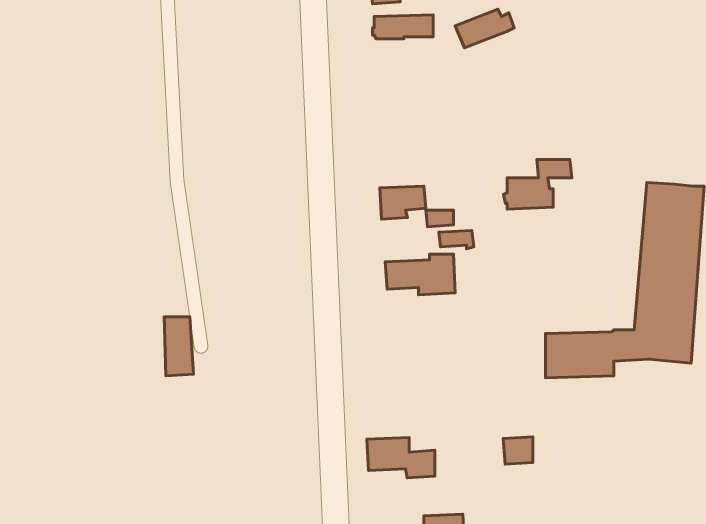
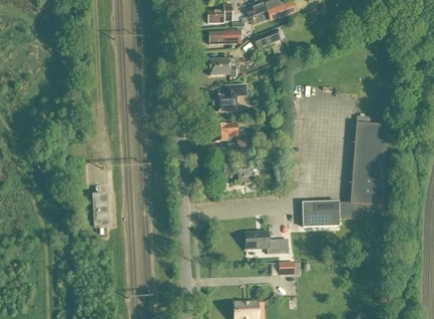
building: none -> [208,57,238,76]
building: [504,159,572,209] -> [209,86,247,113]
building: [367,437,435,478] -> [247,231,284,253]

